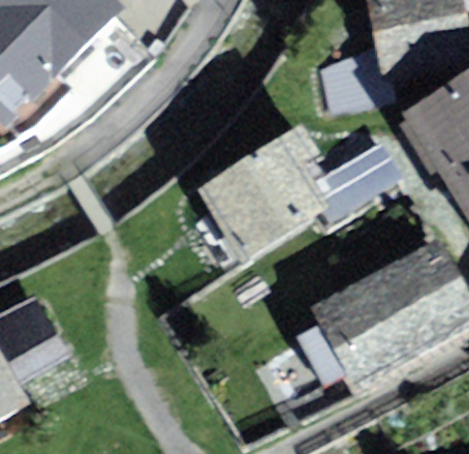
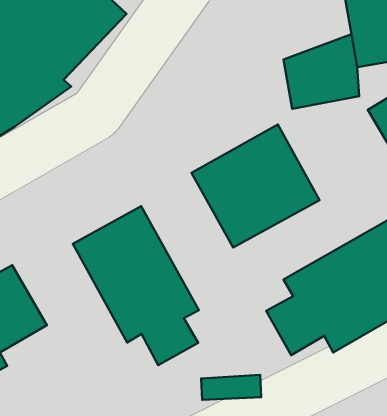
building: none -> [73,206,199,365]

